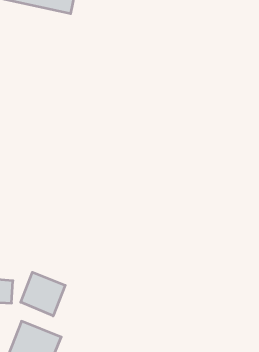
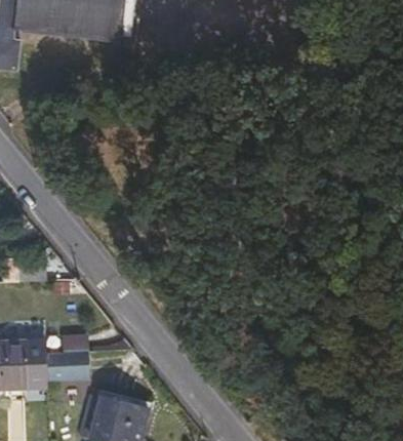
building: [21,272,65,316] -> none

